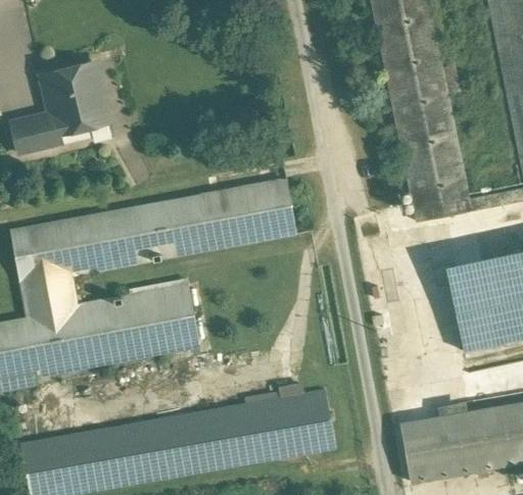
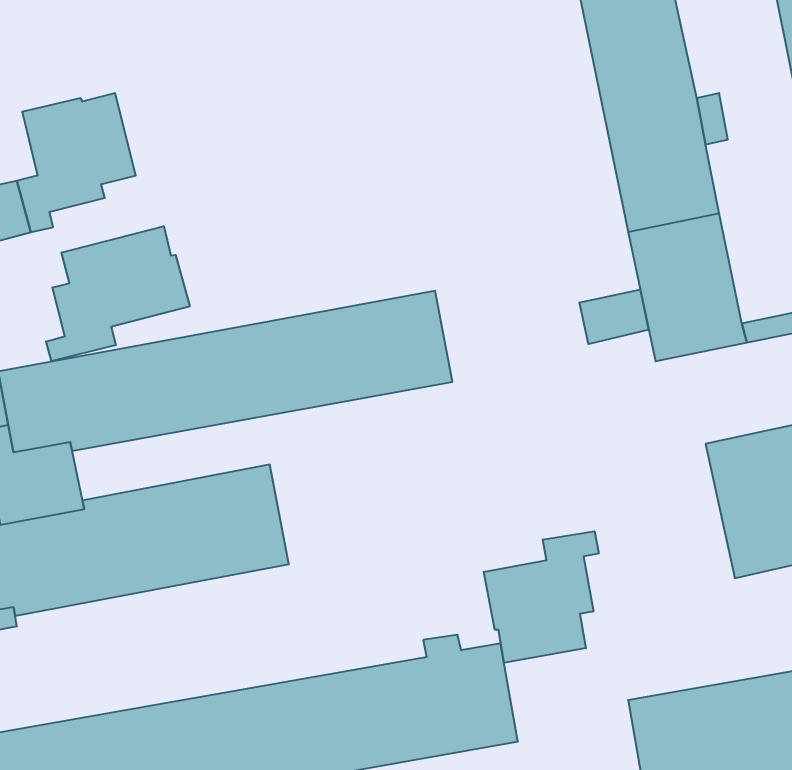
building: none -> [46,226,190,361]
building: none -> [580,290,648,344]
building: none -> [484,531,599,663]

